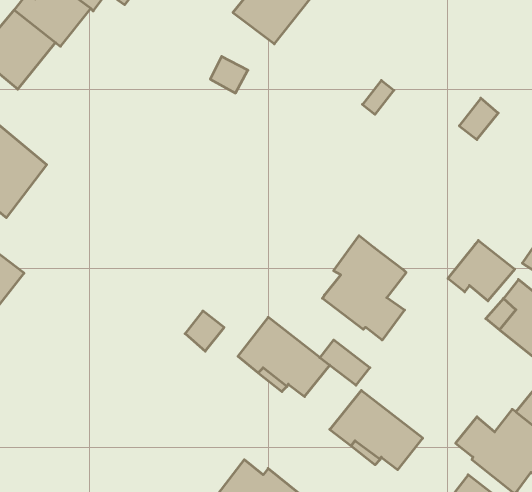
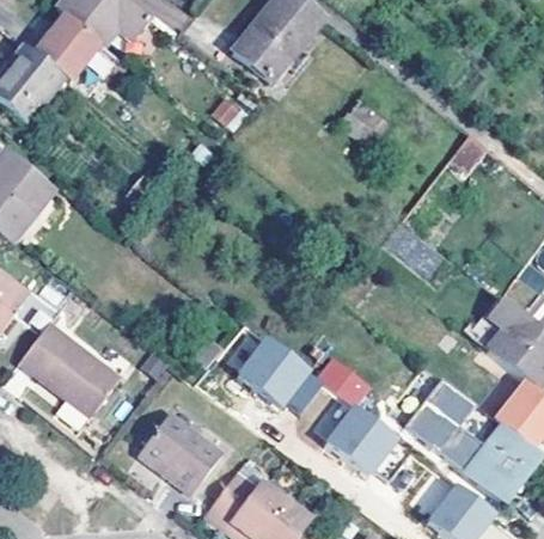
building: [322,236,406,340] -> none
building: [448,240,515,301] -> none
building: none -> [23,325,123,418]
building: none -> [401,375,472,455]
building: none -> [141,412,225,495]

